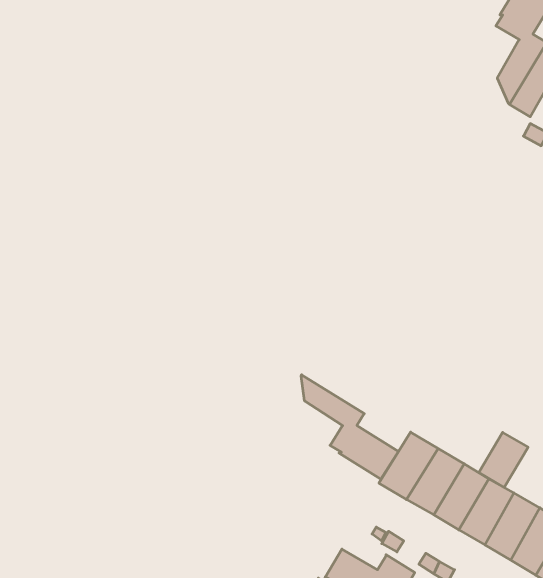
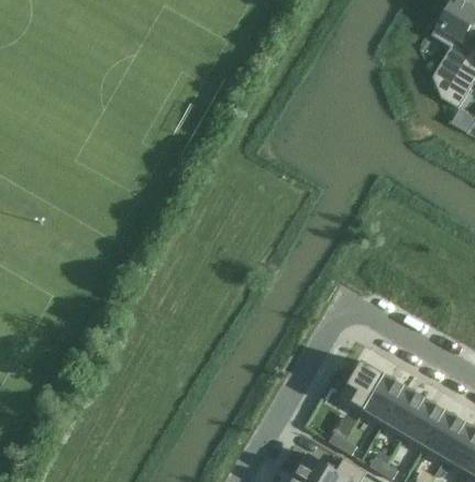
building: [301,375,399,479] -> none
building: [479,432,528,487] -> none

